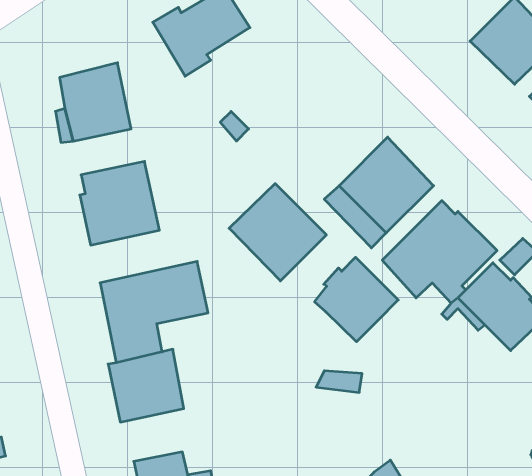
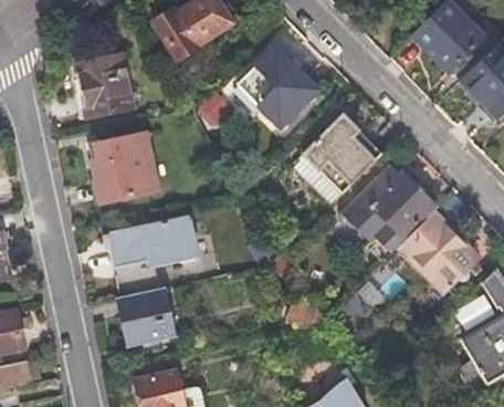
building: [229,184,326,281] -> [239,46,318,126]
building: [315,257,398,342] -> none

